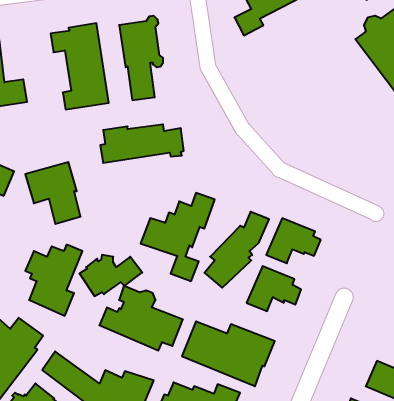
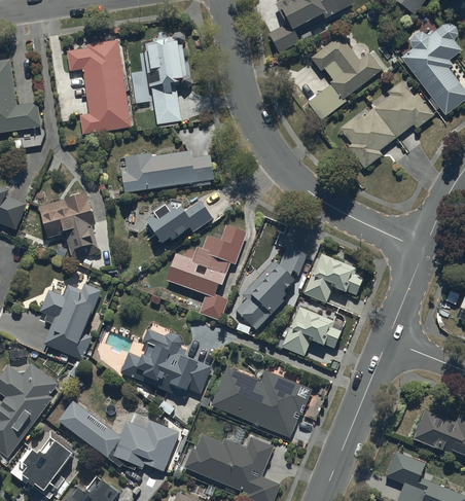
building: none -> [307,36,383,121]
building: none -> [339,79,435,168]
building: [79,255,142,296] -> [145,198,214,243]

